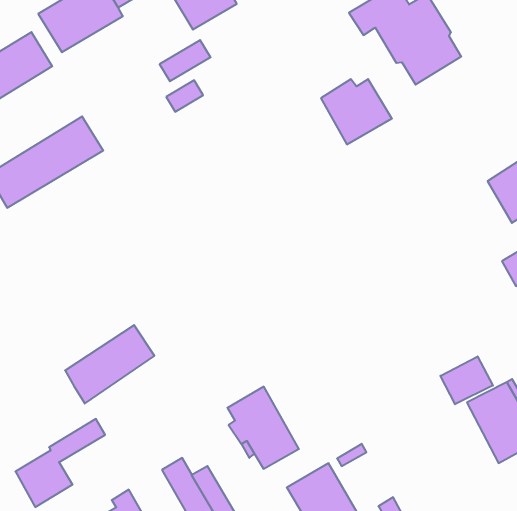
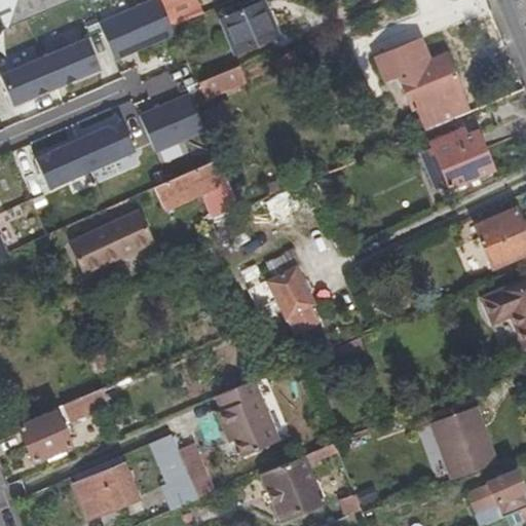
building: none -> [139,90,205,151]
building: [321,79,392,144] -> [431,127,492,185]
building: none -> [156,158,240,219]
building: none -> [269,267,314,318]
building: [65,325,154,404] -> [73,211,154,274]
building: [440,356,493,404] -> none

